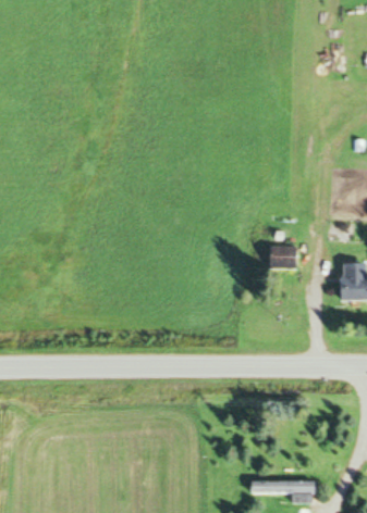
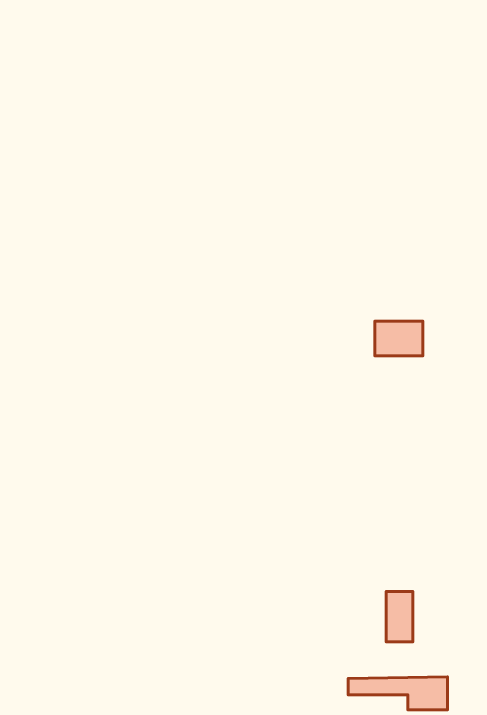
building: none -> [386,592,413,642]

